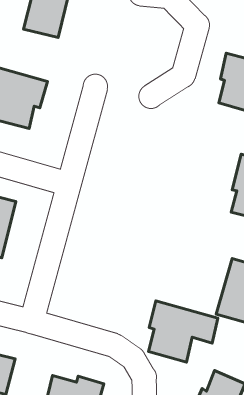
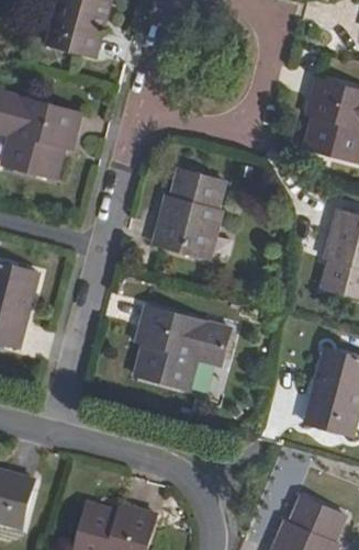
building: none -> [155,171,223,258]
building: [148,301,218,362] -> [136,307,228,389]

